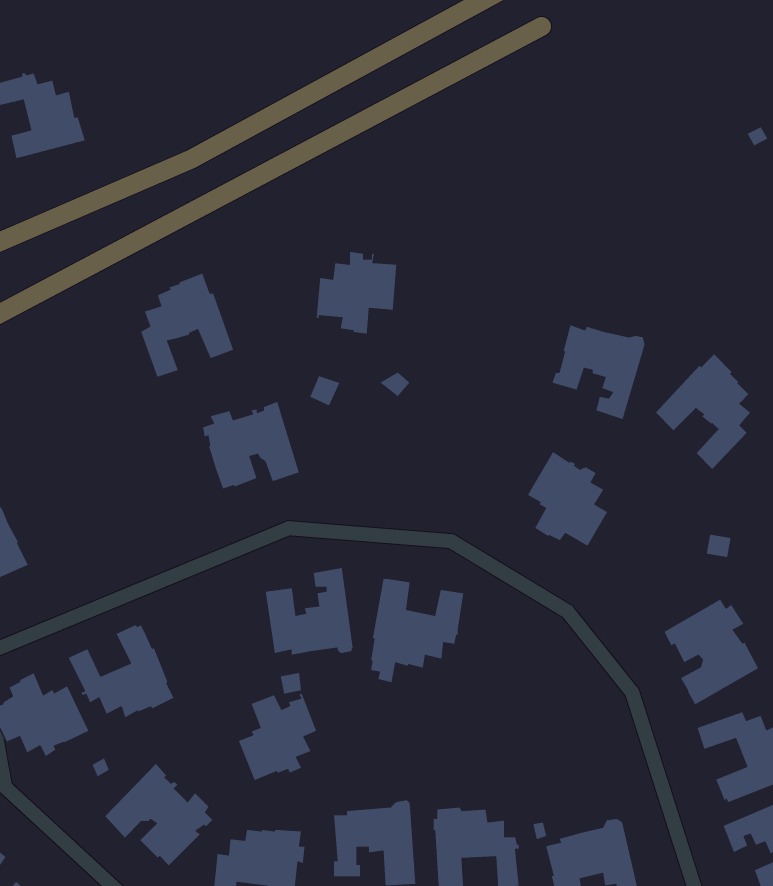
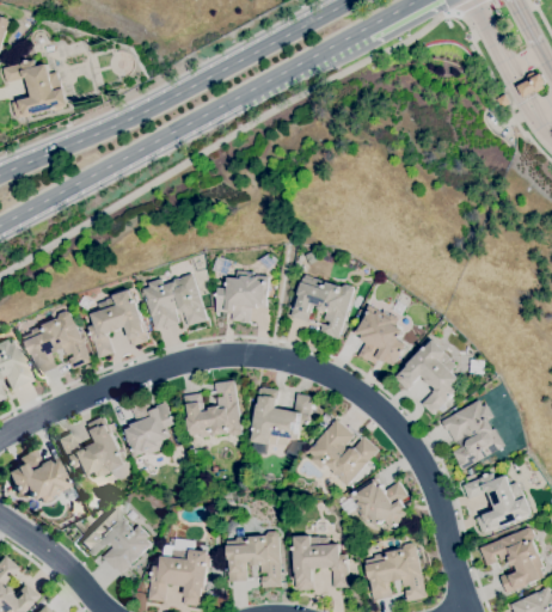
building: [316,251,397,334] -> [216,270,269,324]
building: [140,273,234,378] -> [88,289,149,357]
building: [551,324,645,420] -> [292,277,352,339]
building: [655,354,751,470] -> [395,339,458,415]
building: none -> [24,311,91,375]
building: none -> [308,420,379,485]
building: [238,692,317,781] -> [123,399,174,457]
building: none -> [350,478,413,528]

